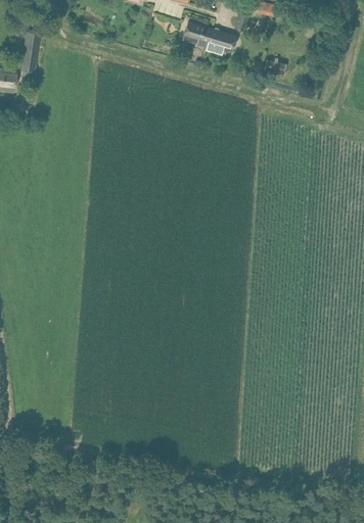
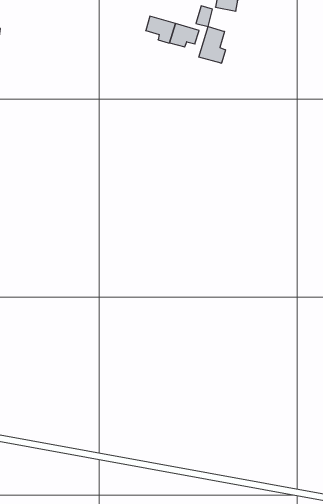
building: none -> [199,26,225,63]

